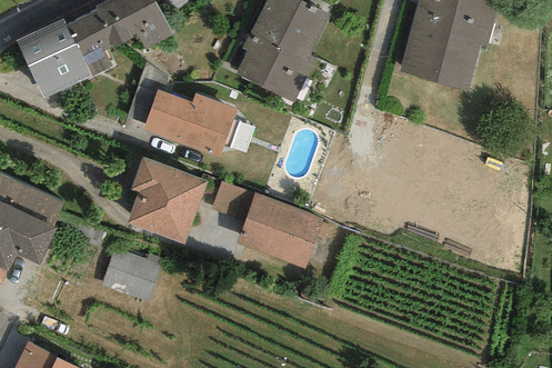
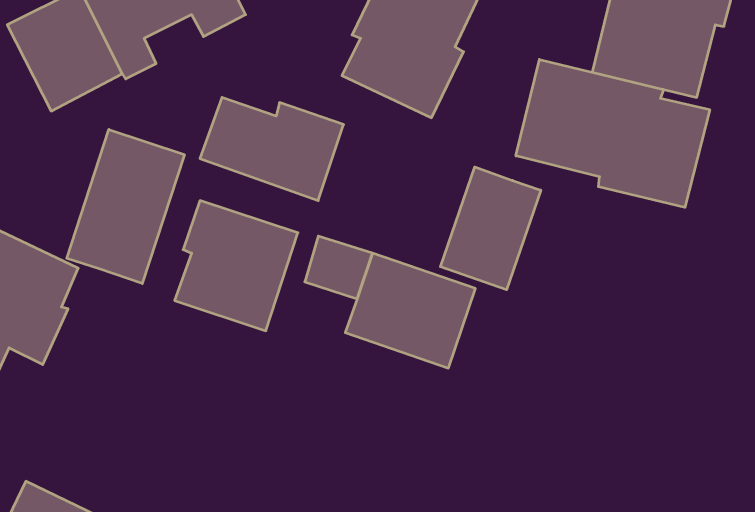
building: none -> [516,59,710,207]
building: none -> [67,129,184,284]
building: none -> [440,167,541,290]
building: [102,251,162,304] -> none

